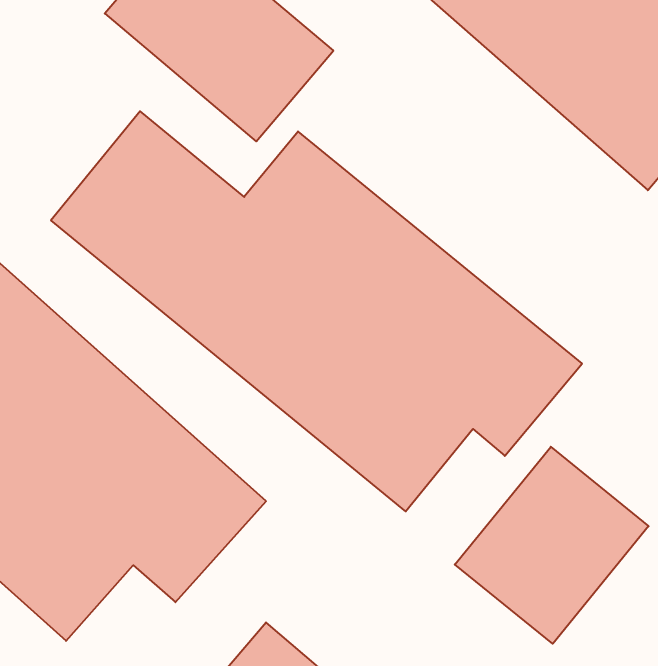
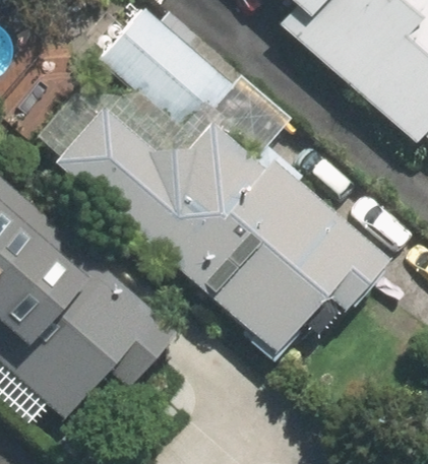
building: [455,447,649,644] -> none

